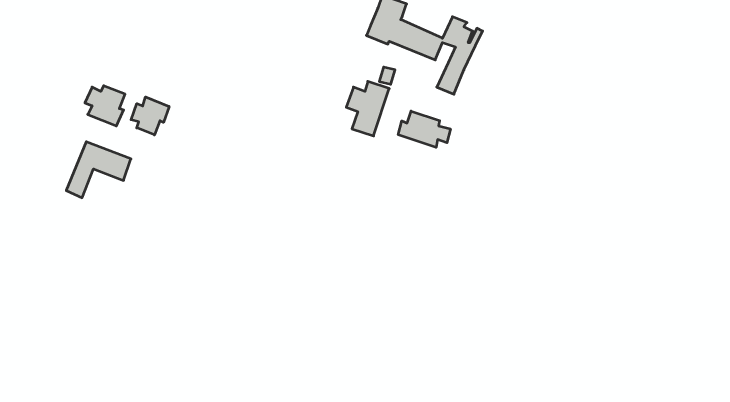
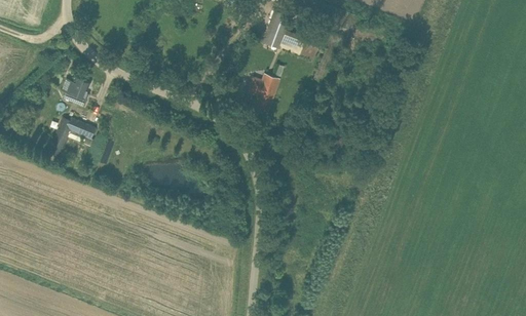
building: [131,97,169,135] -> none
building: [398,111,450,147] -> none

